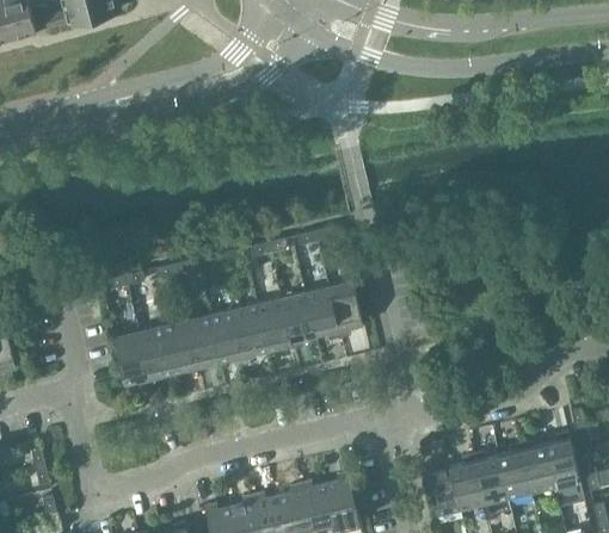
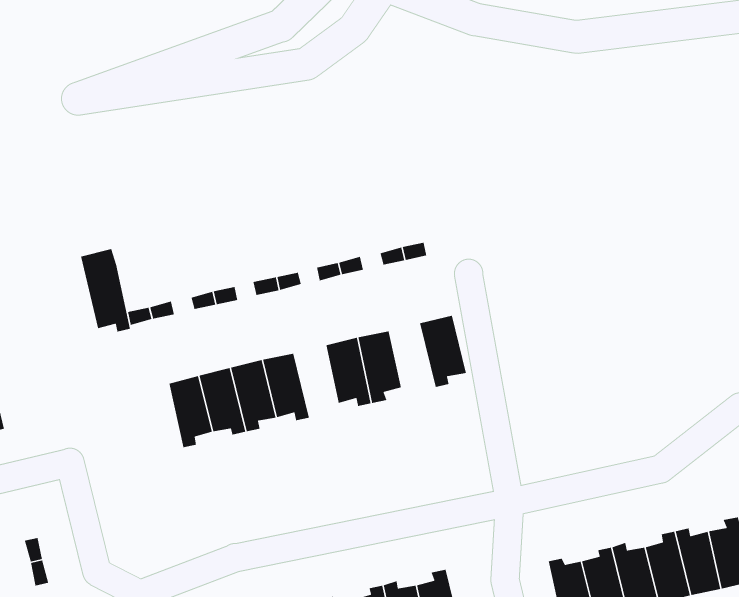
building: [303,289,338,340] -> none
building: [232,305,265,360] -> none
building: [110,322,148,385] -> [80,248,131,332]

